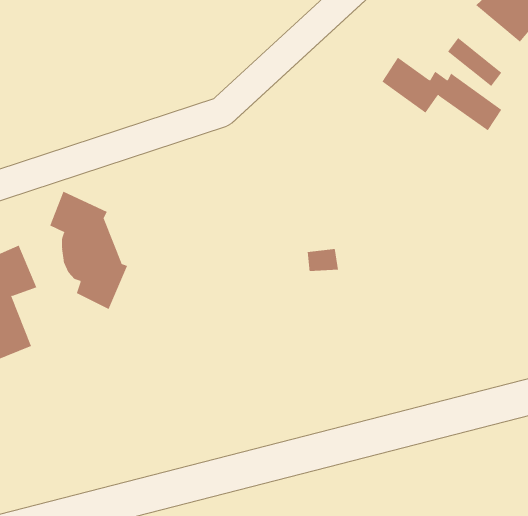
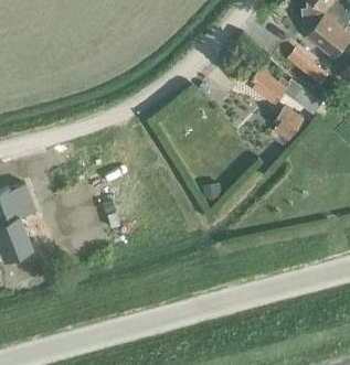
building: none -> [273,104,305,142]
building: [49,191,128,310] -> none

